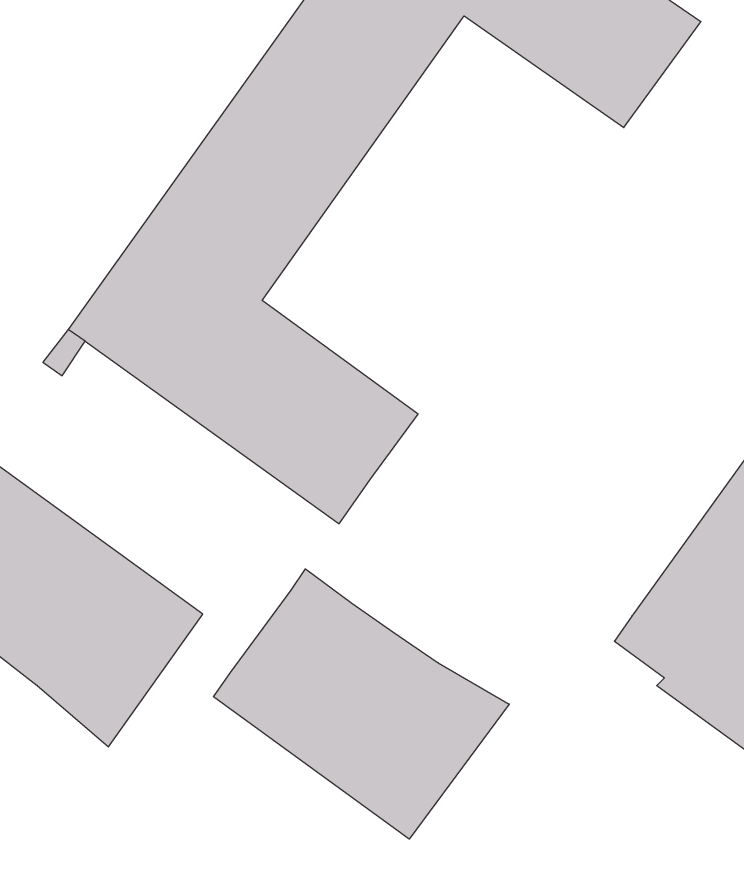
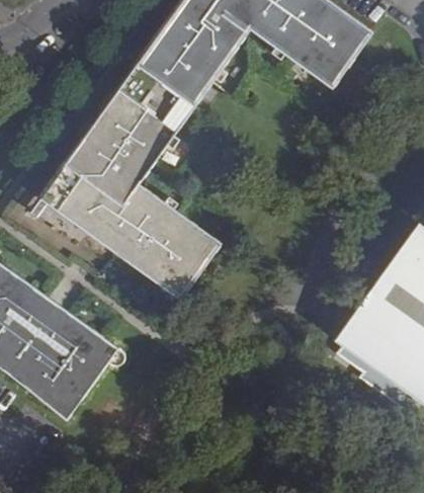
building: [213,569,509,839] -> none

